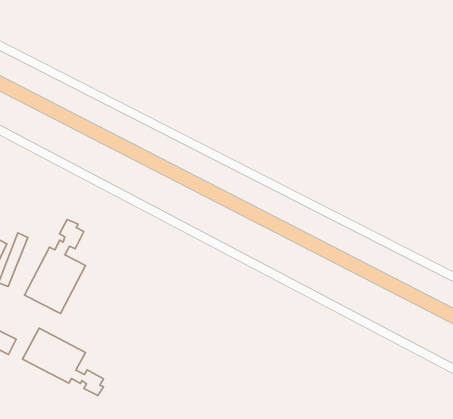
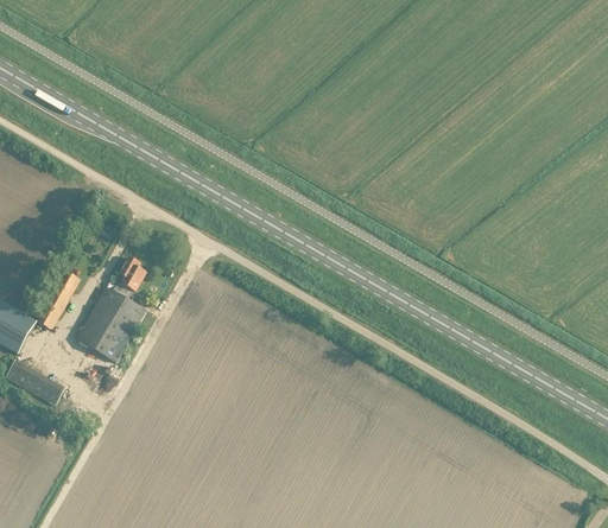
building: [23,328,104,396] -> none

